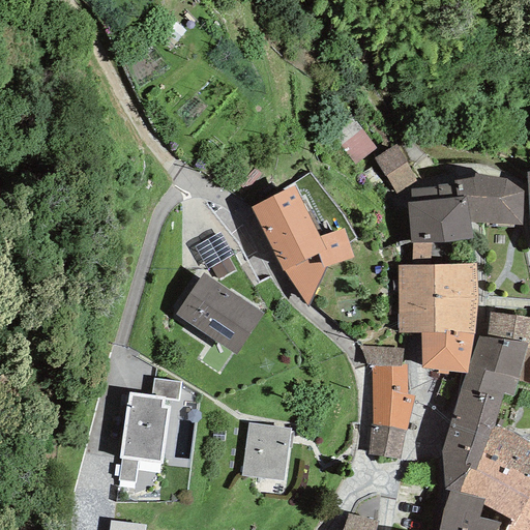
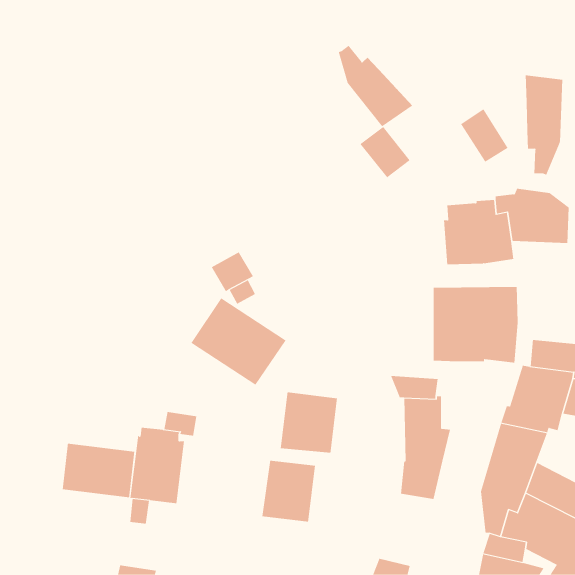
building: none -> [338,45,413,127]
building: none -> [525,75,563,175]
building: [374,143,418,193] -> [460,108,509,163]
building: [252,185,355,307] -> none
building: [421,330,474,373] -> none
building: none -> [280,392,338,454]
building: none -> [62,443,135,498]

